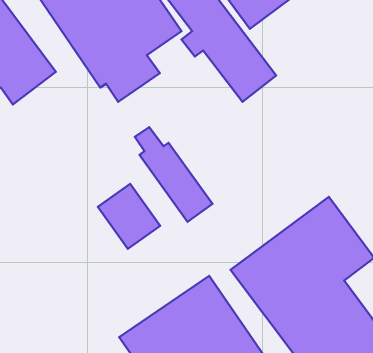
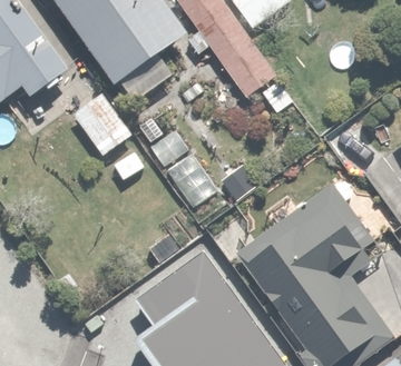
building: [98,184,160,249] -> [72,93,130,154]

